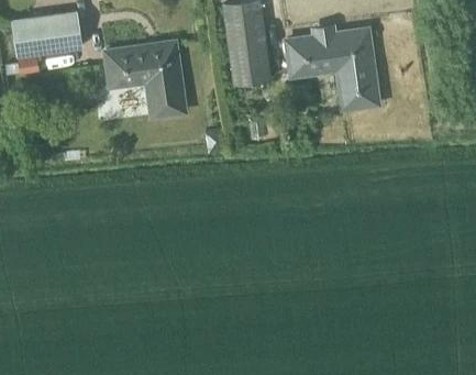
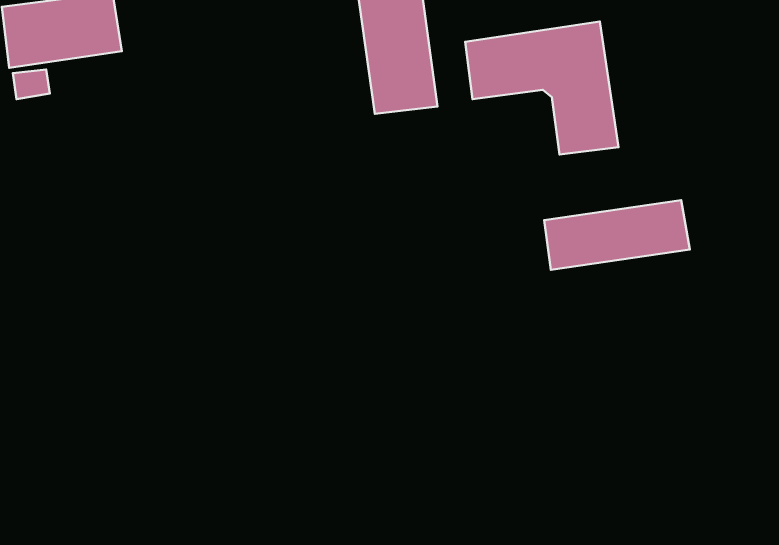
building: [106,42,186,120] -> none
building: none -> [544,200,690,270]

